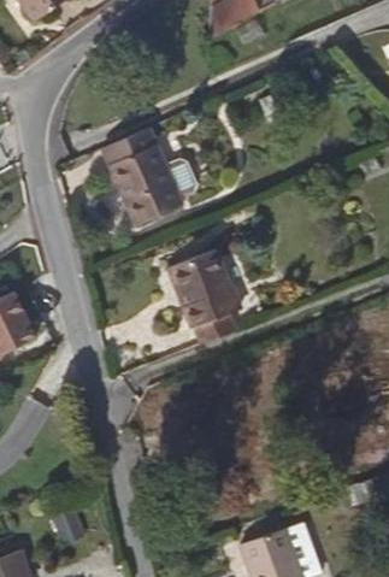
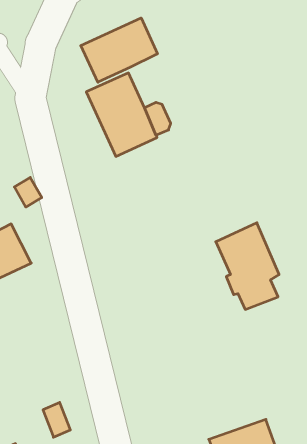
building: none -> [81,18,157,82]
building: [164,245,236,343] -> [216,223,279,309]

